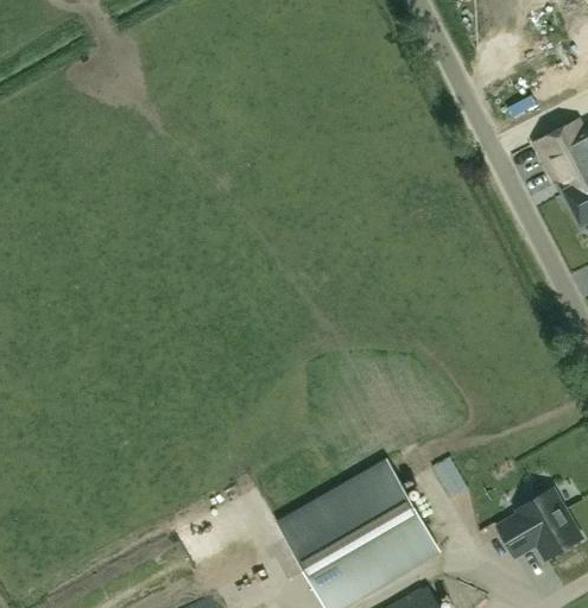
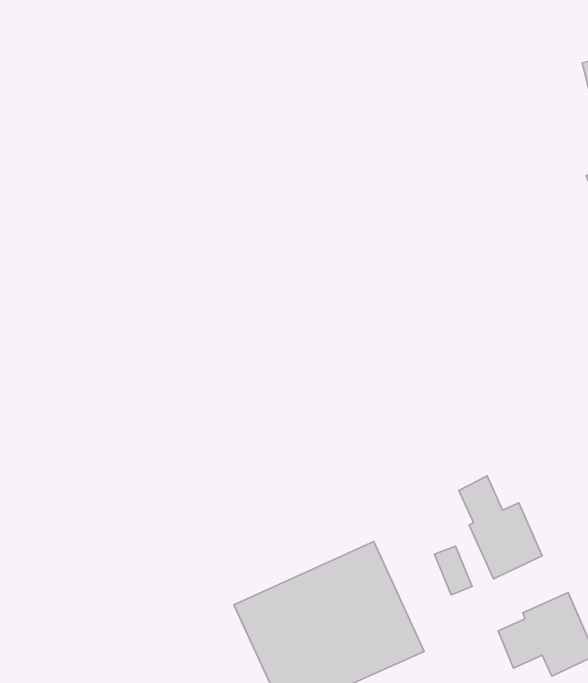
building: none -> [459,476,542,579]

